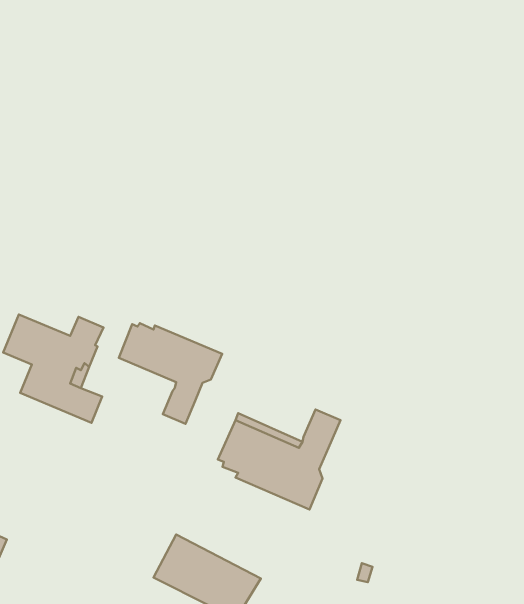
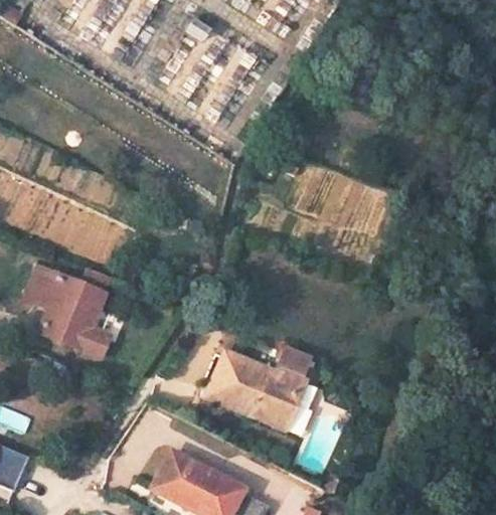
building: [119,323,222,424] -> none

